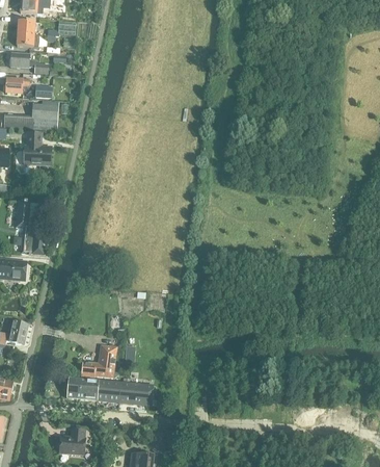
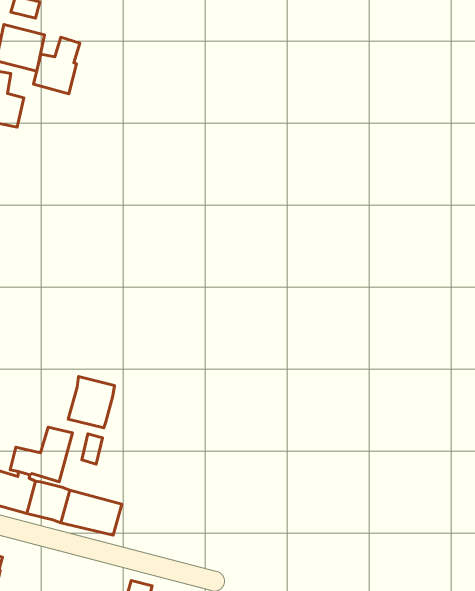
building: none -> [33,37,80,94]
building: none -> [68,377,114,428]

